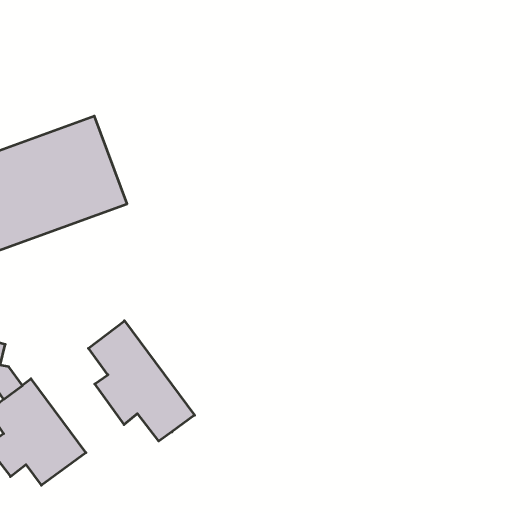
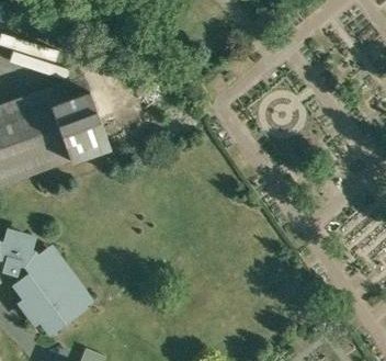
building: [88,321,195,441] -> none

